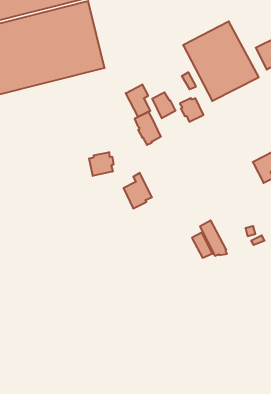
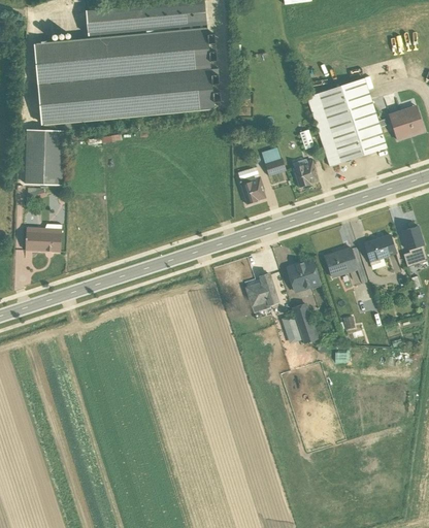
building: [126,84,150,117] -> none
building: [89,152,113,176] -> none
building: none -> [325,246,358,277]
building: [123,173,152,208] -> [246,272,277,311]
building: none -> [287,259,320,292]

